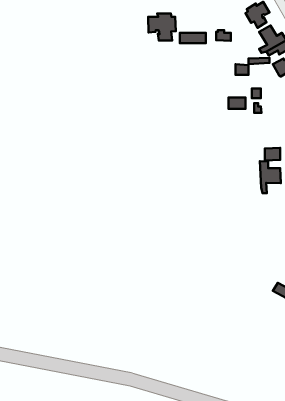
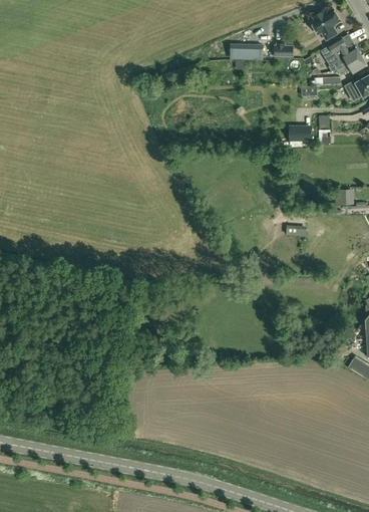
building: [148,14,176,41] -> none
building: [260,161,281,193] -> none

